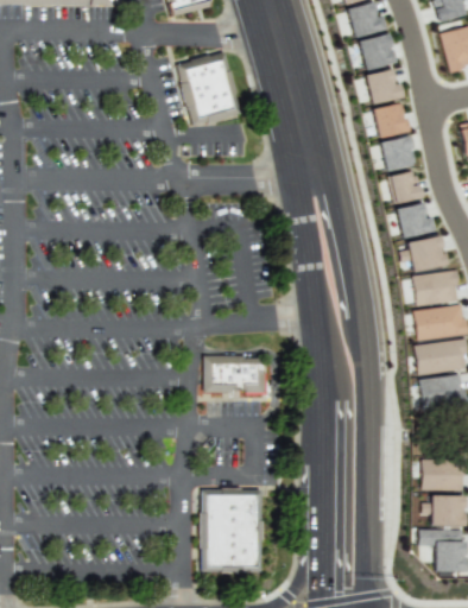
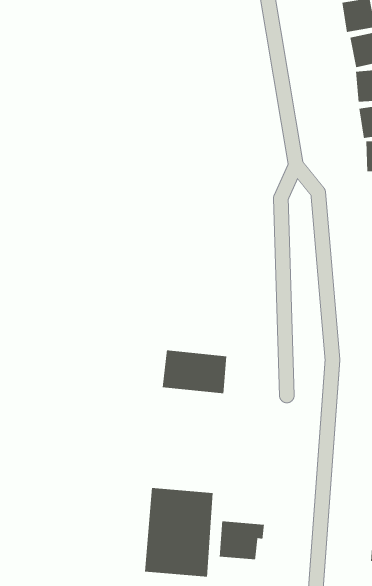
building: [179,55,240,125] -> none
building: none -> [219,521,265,560]

